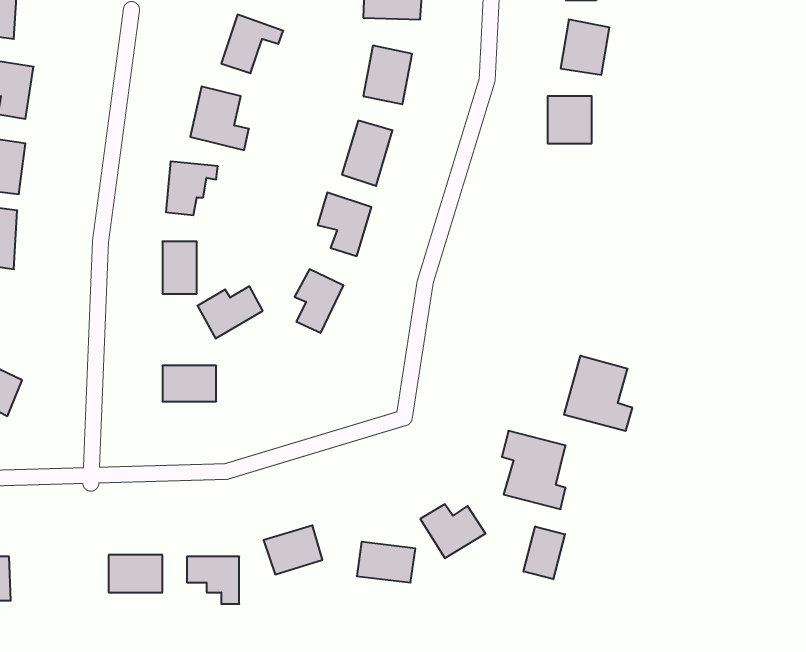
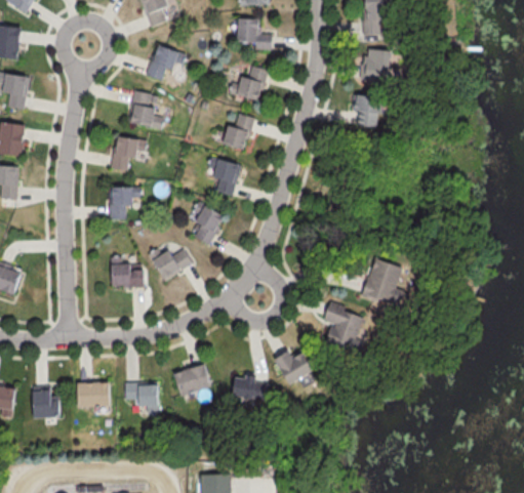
building: [197,286,263,338] -> [152,248,193,281]
building: [524,526,565,579] -> none
building: none -> [33,389,59,418]

